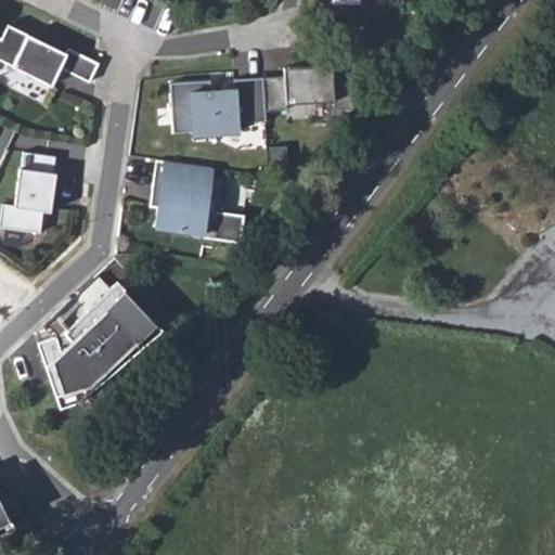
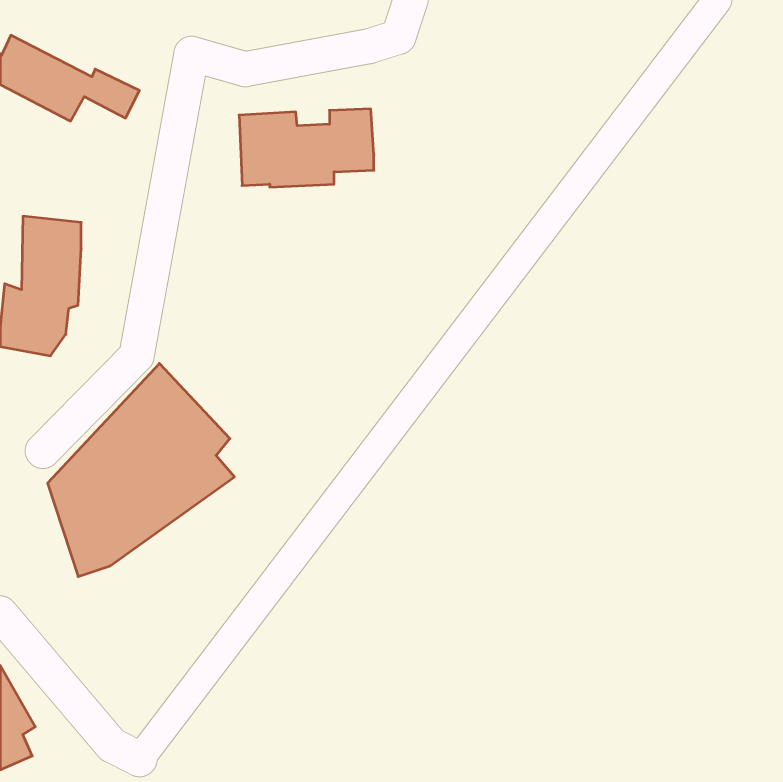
building: [262,66,352,111] -> none
building: [150,160,243,243] -> none

